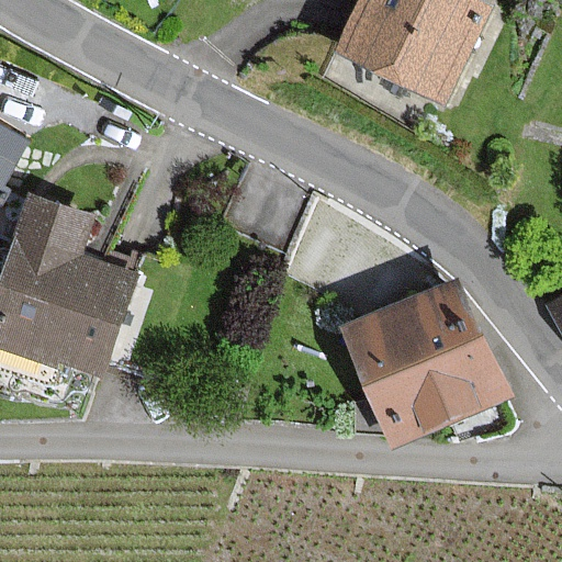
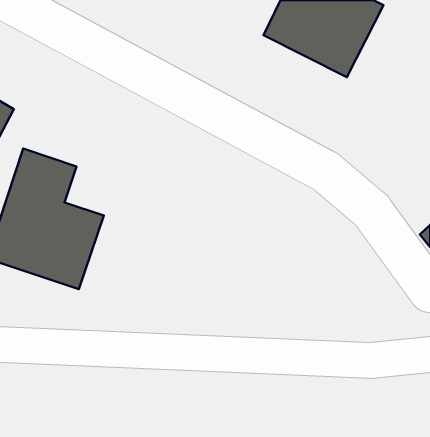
building: [340,285,494,440] -> none

